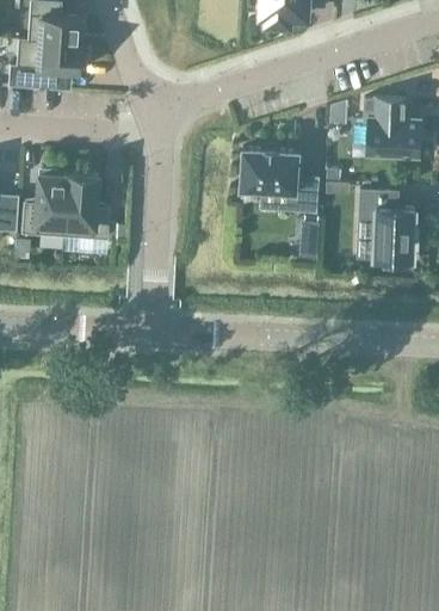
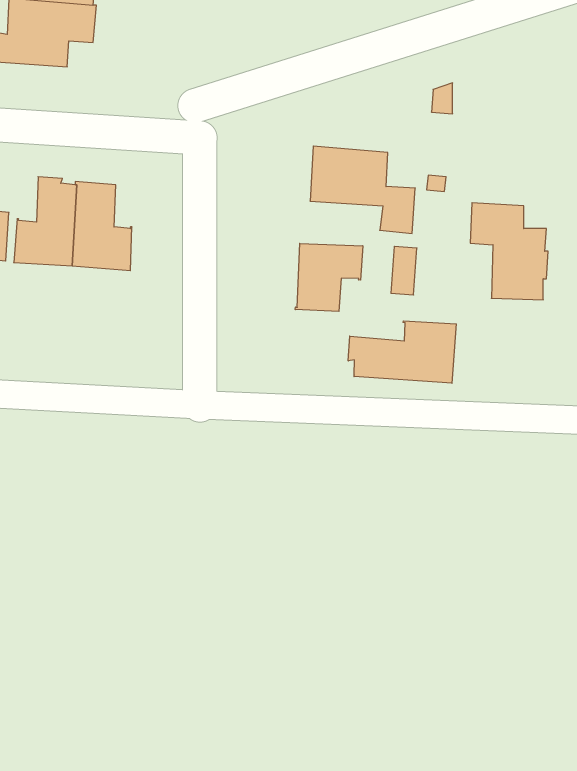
building: [363,98,419,156] -> none
building: none -> [295,243,363,311]
building: none -> [348,321,456,383]

